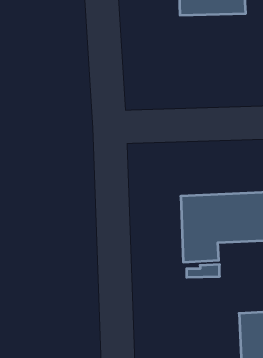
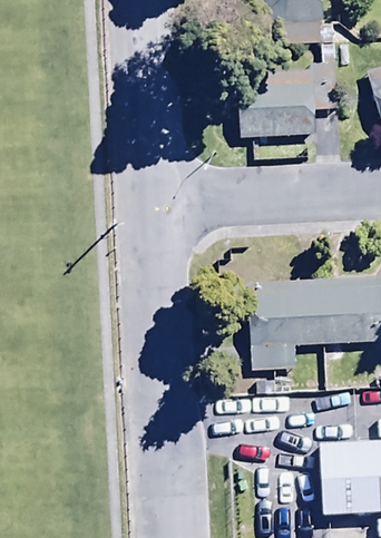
building: none -> [236,63,339,139]

